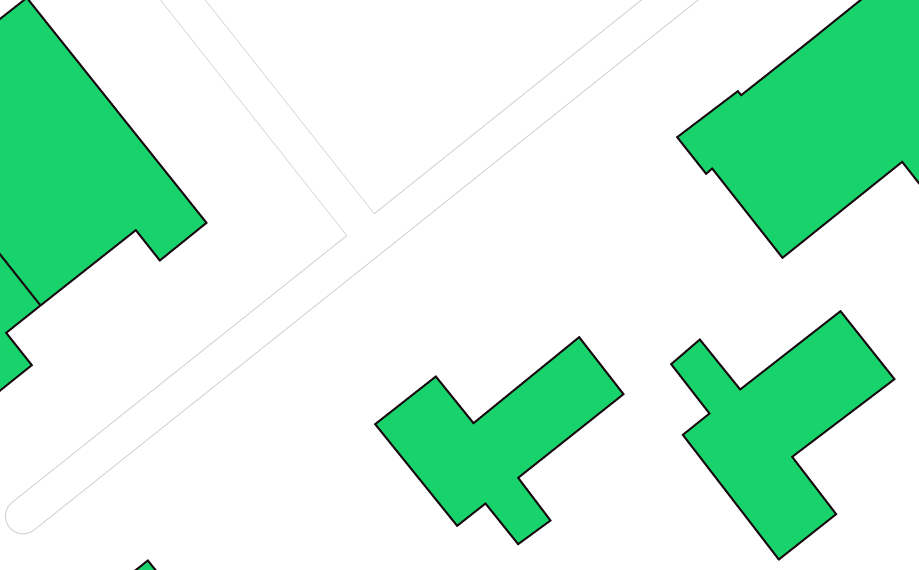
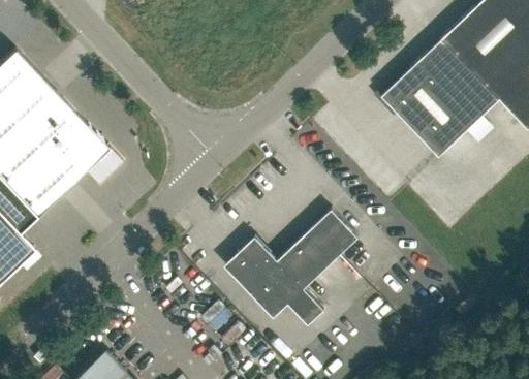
building: [671,311,894,559] -> none

